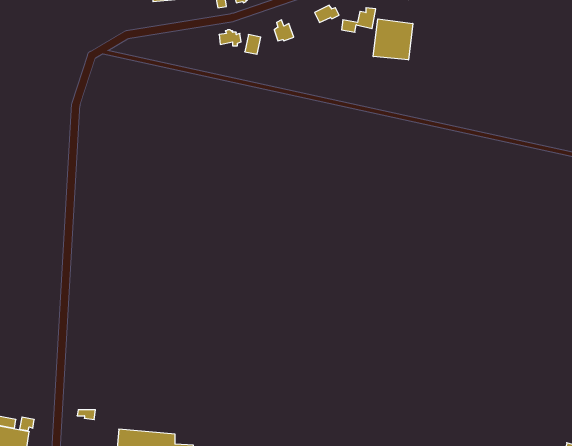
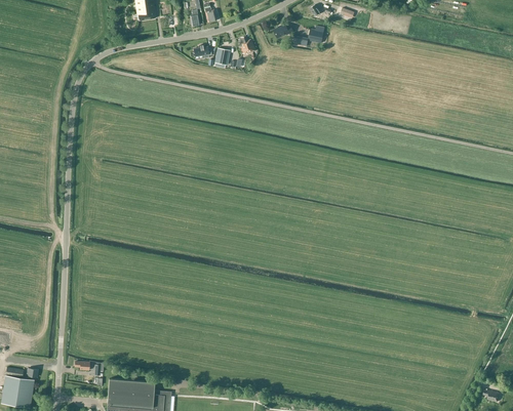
building: [373,19,413,60] -> none

